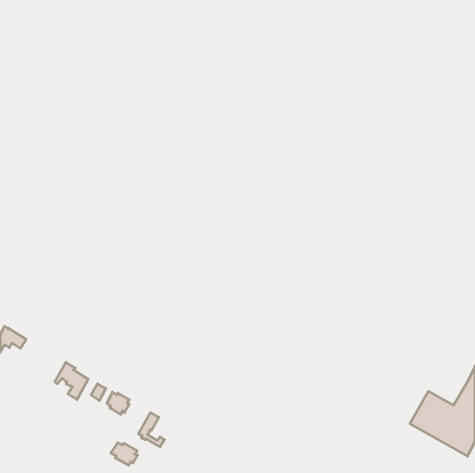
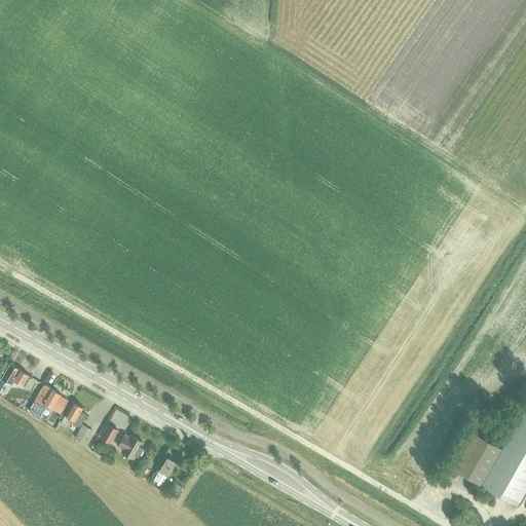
building: none -> [29,386,69,419]
building: [111,443,138,465] -> none

